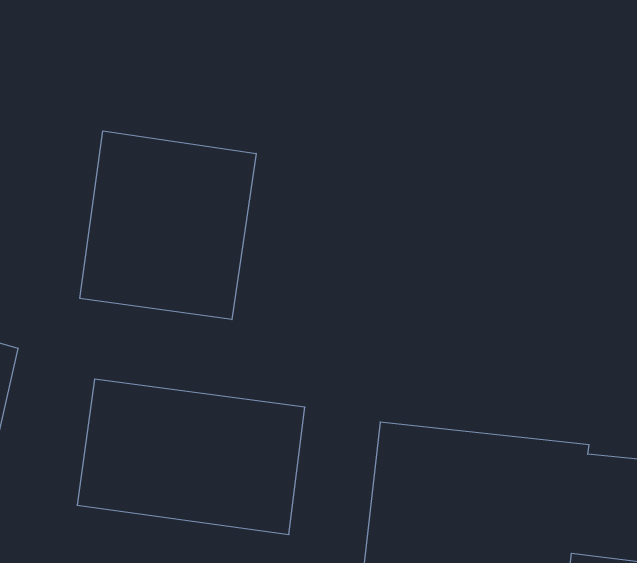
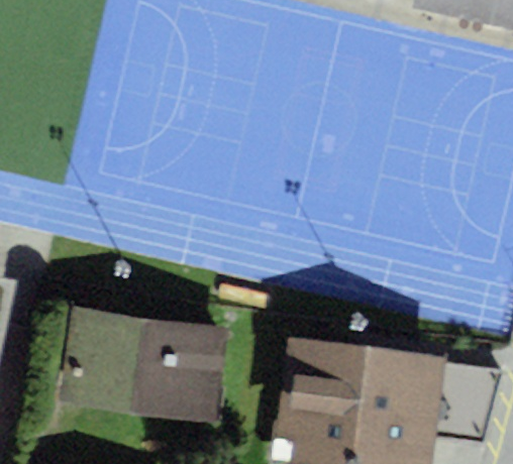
building: [80,131,256,320] -> none

